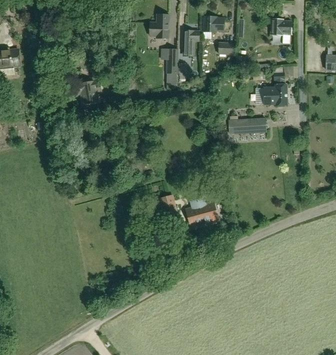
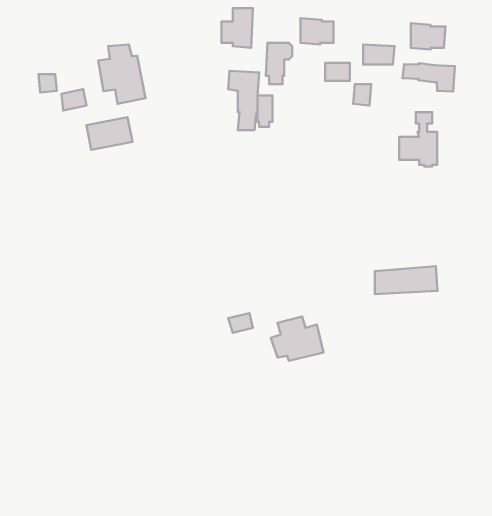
building: none -> [98,44,146,104]
building: none -> [402,63,455,91]
building: [229,119,267,136] -> [375,266,438,294]

